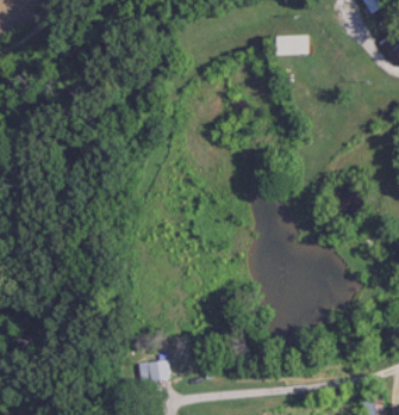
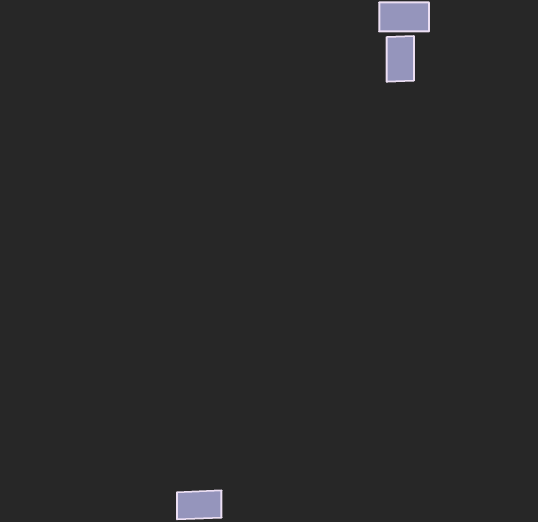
building: none -> [387,36,414,82]

